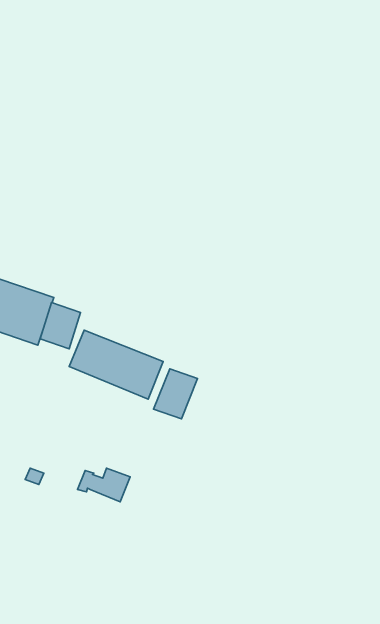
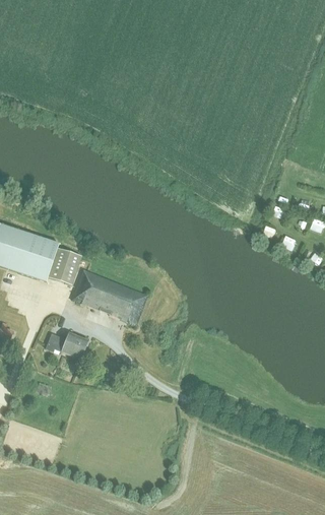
building: [154,369,198,419] -> none
building: [78,468,130,502] -> [46,332,88,360]

